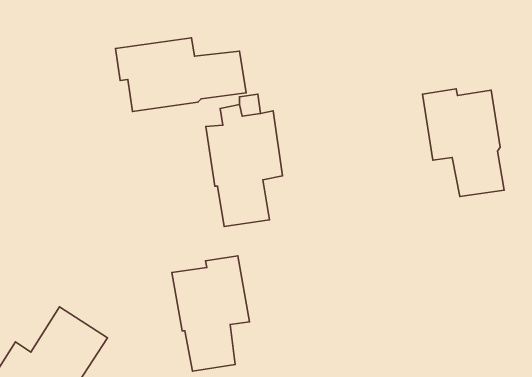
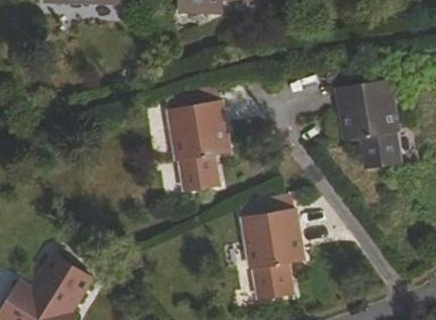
building: [116,38,246,112] -> none
building: [172,256,250,371] -> [242,207,303,297]

